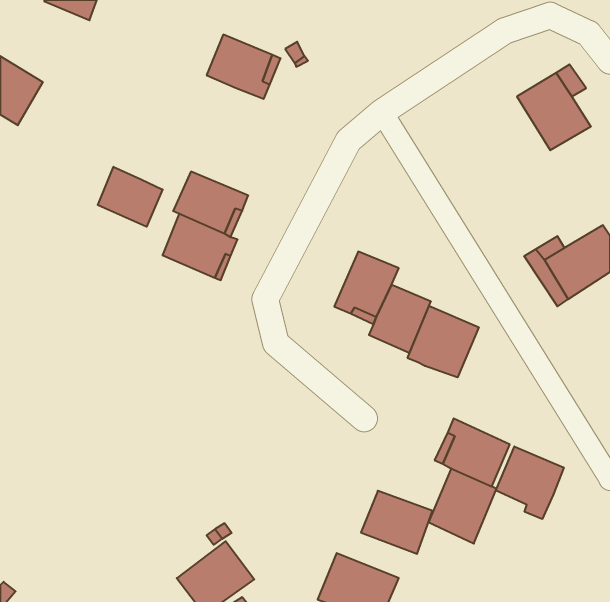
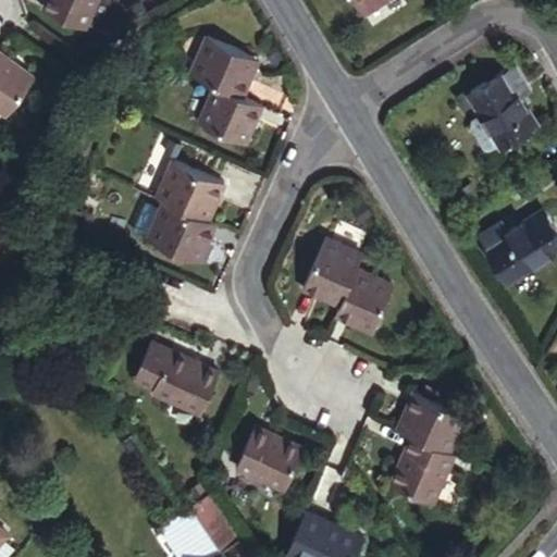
building: none -> [199,87,262,146]
building: [98,167,163,227] -> none
building: [408,306,479,377] -> none
building: none -> [131,352,215,418]
building: [496,446,564,519] -> none
building: [361,491,433,554] -> [236,431,301,488]

